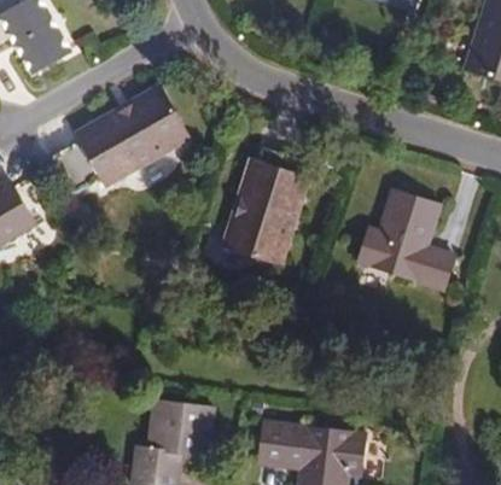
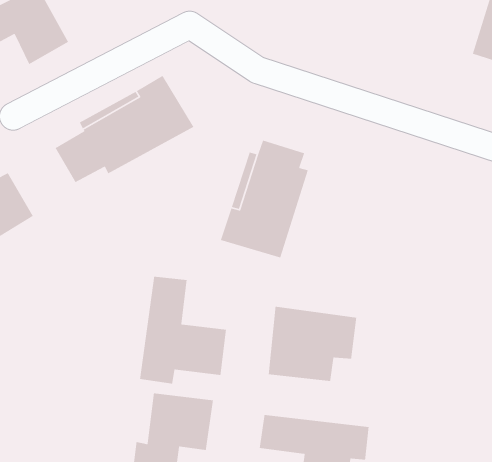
building: [357,188,455,290] -> none
building: none -> [139,276,227,385]
building: none -> [268,306,357,382]

